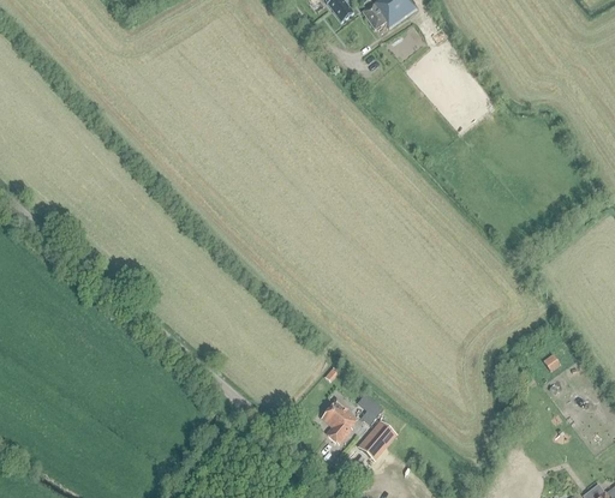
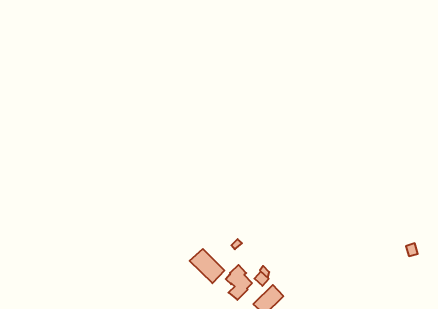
building: none -> [190,249,224,283]

